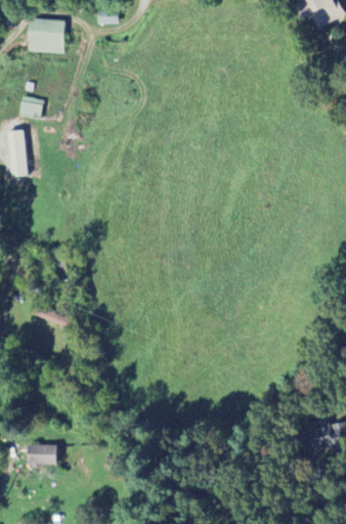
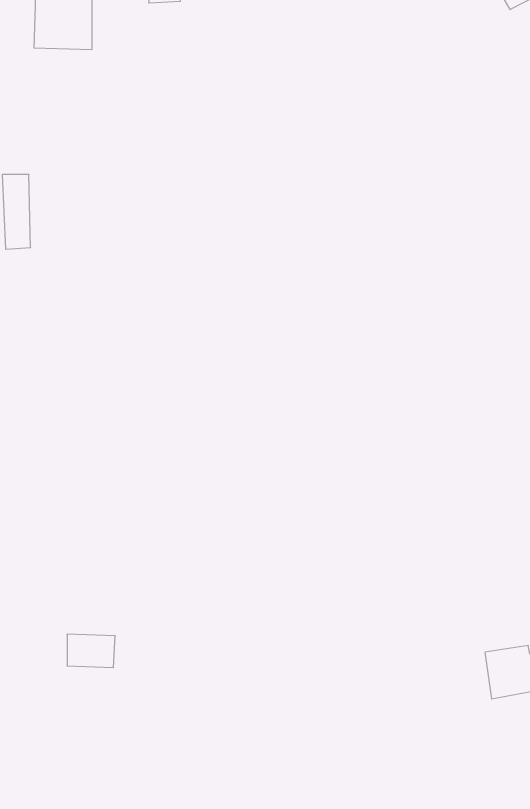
building: [19,94,44,118] -> none
building: [27,443,56,464] -> [67,634,115,668]

